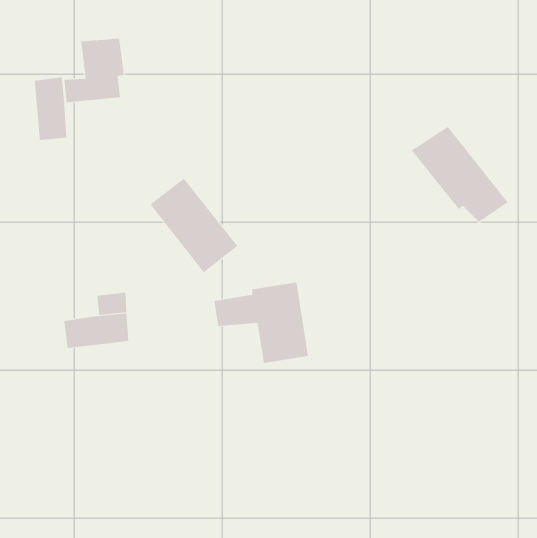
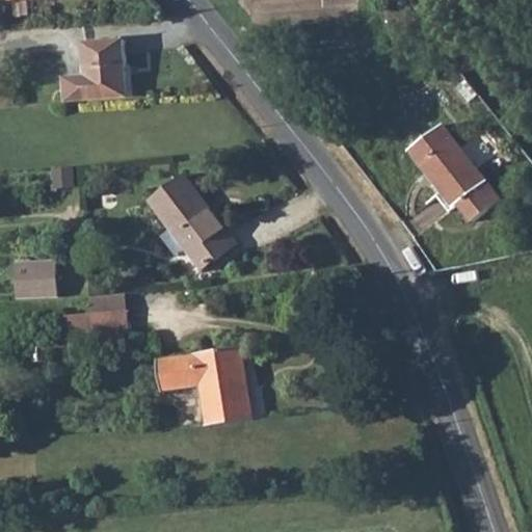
building: [34,77,67,141] -> none
building: none -> [10,261,58,297]
building: [213,282,309,363] -> [157,344,250,424]

